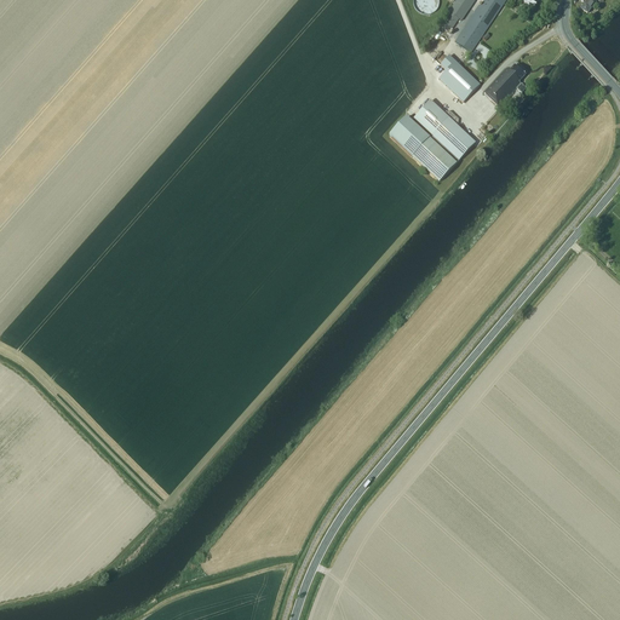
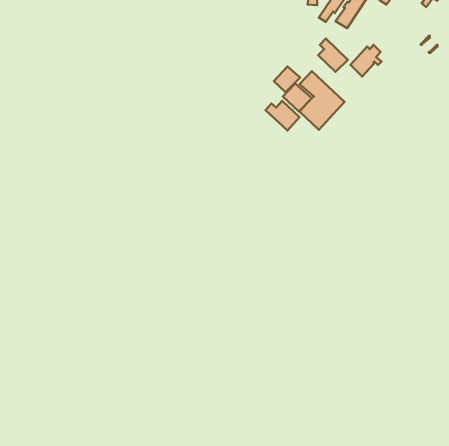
building: none -> [274,66,300,92]
building: none -> [265,101,300,131]

